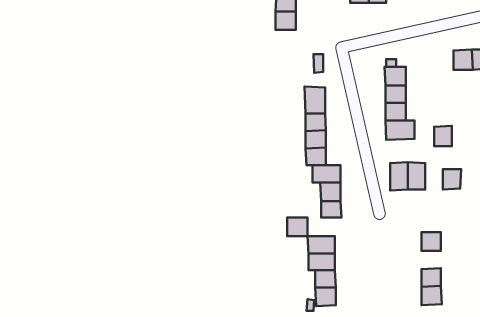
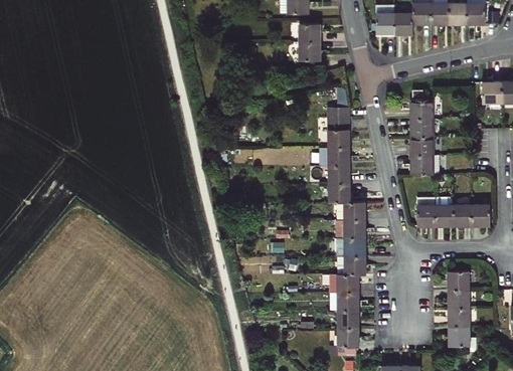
building: [434,126,452,146] -> [453,205,471,226]
building: [287,218,308,236] -> [345,255,366,274]
building: none -> [449,290,469,309]

